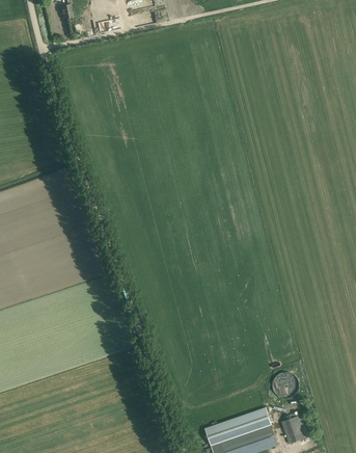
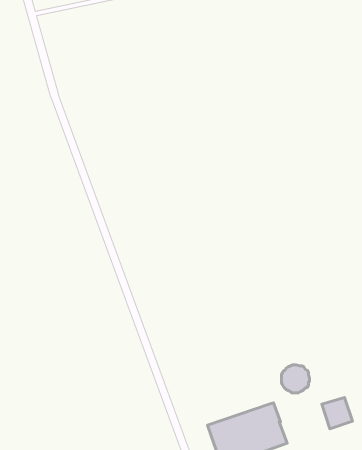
building: [281,416,309,445] -> [322,397,352,429]

